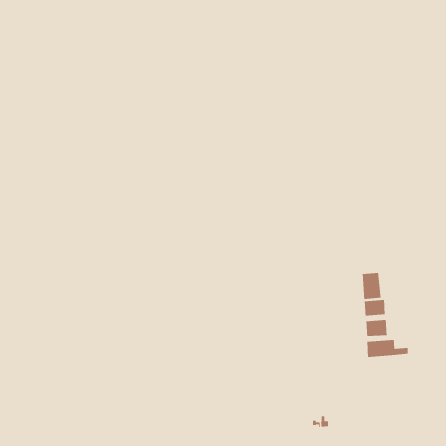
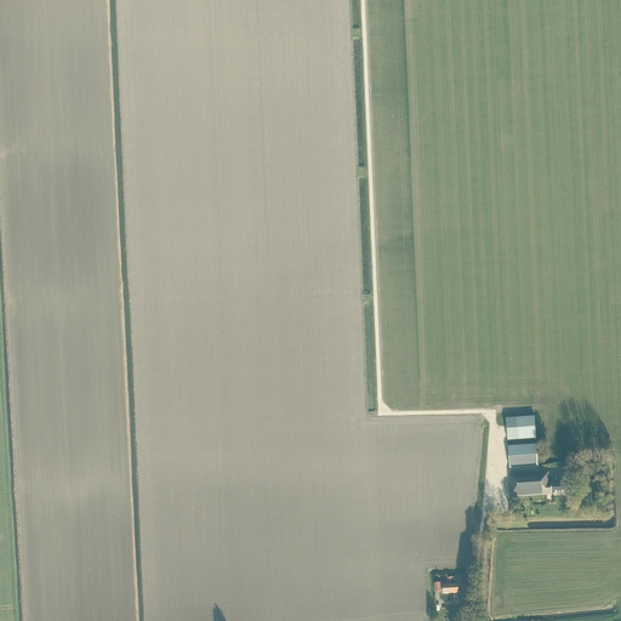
building: [362,272,381,300] -> none

